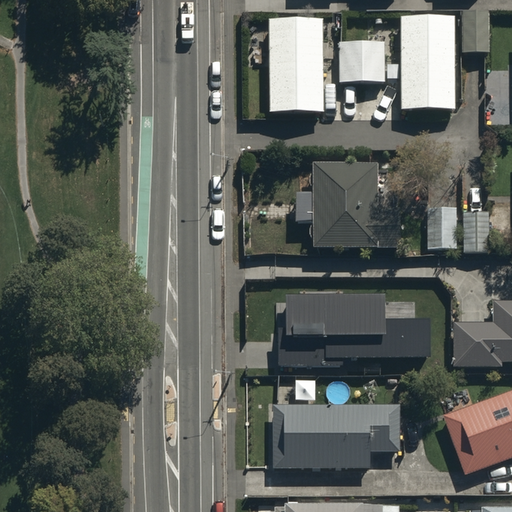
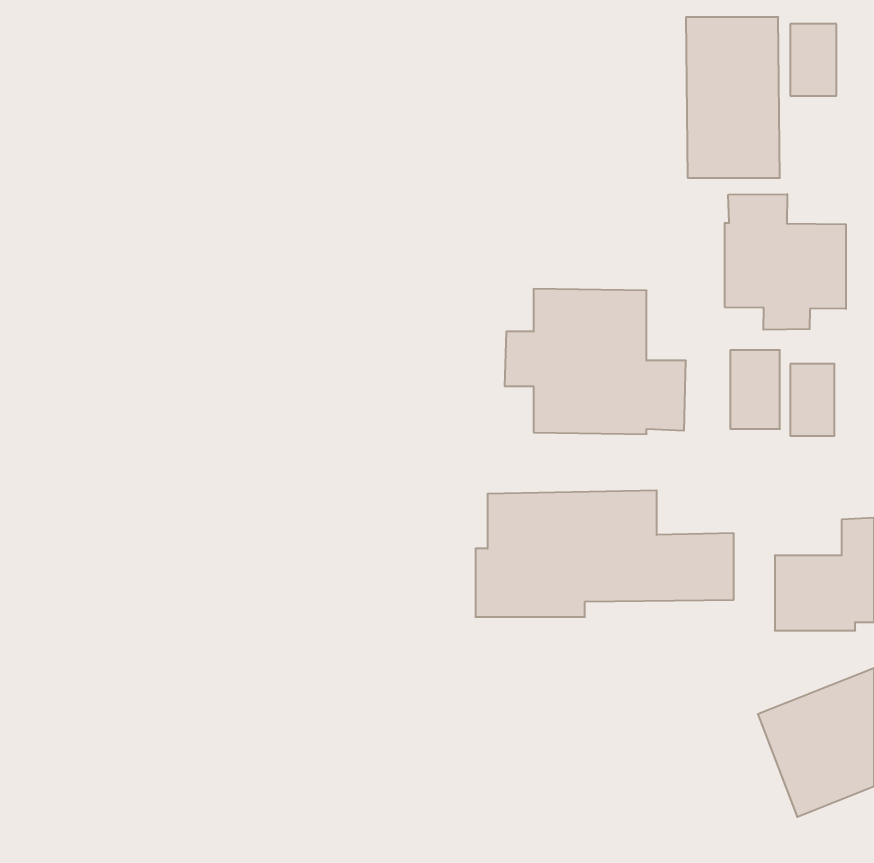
building: [269,14,323,108] -> none
building: [339,36,385,77] -> none
building: none -> [725,194,846,330]
building: [271,407,400,472] -> none

